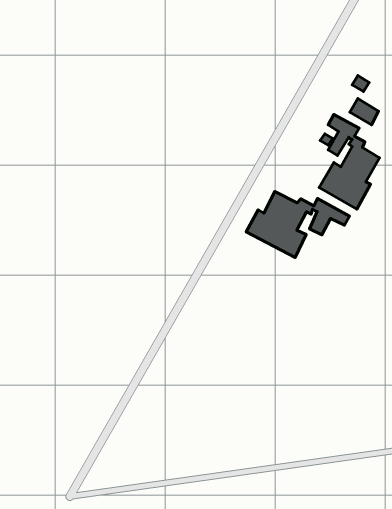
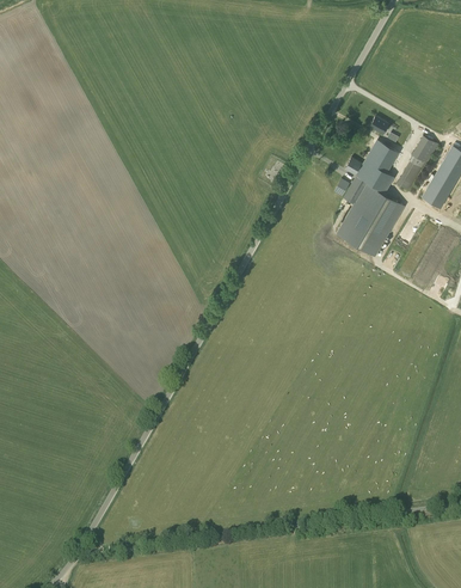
building: [246,191,349,257] -> none

